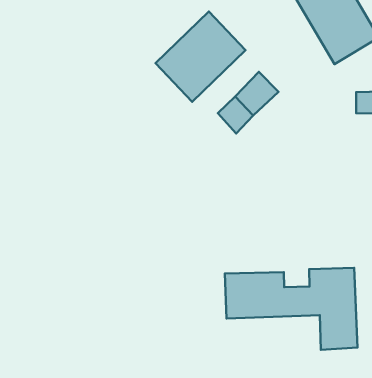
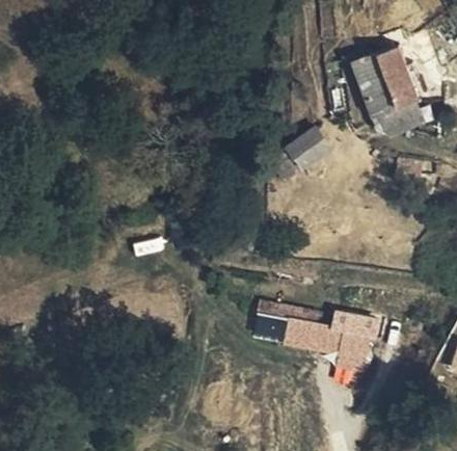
building: [155,11,245,102] -> none

